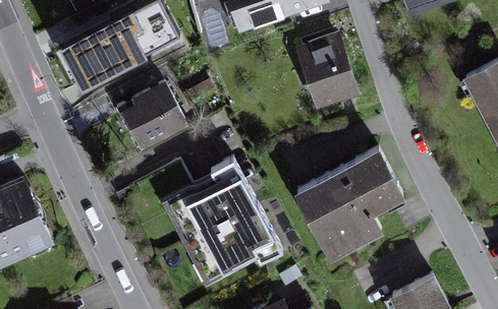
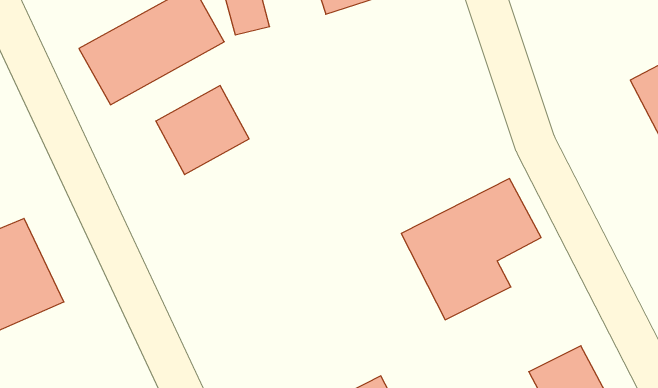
building: [300,34,357,104] -> none
building: [162,160,279,287] -> none

